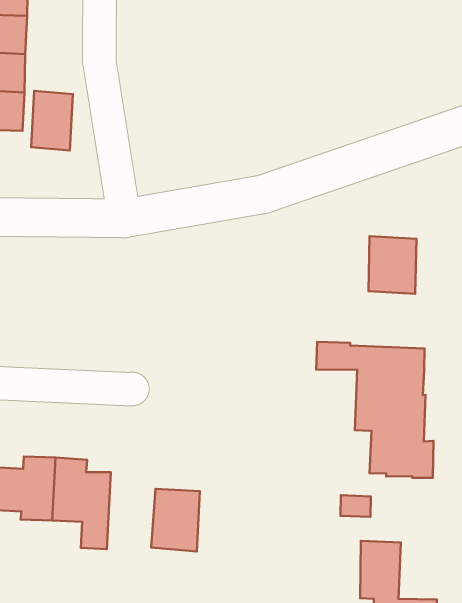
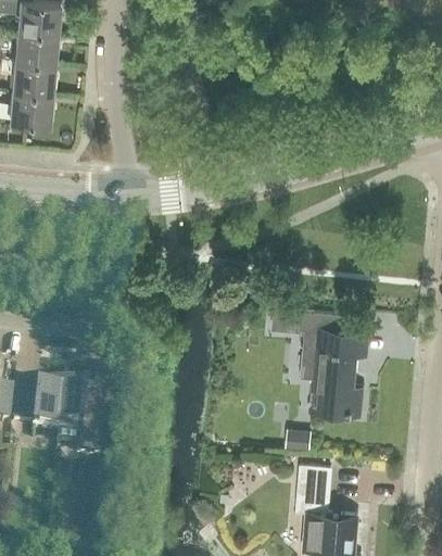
building: [31,91,73,151] -> none
building: [368,236,416,294] -> none
building: [151,489,200,552] -> none

